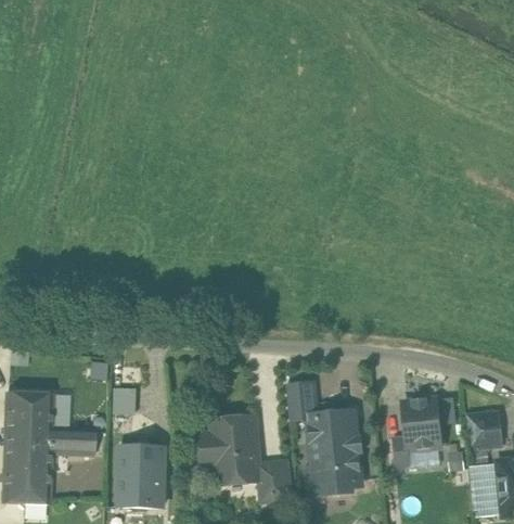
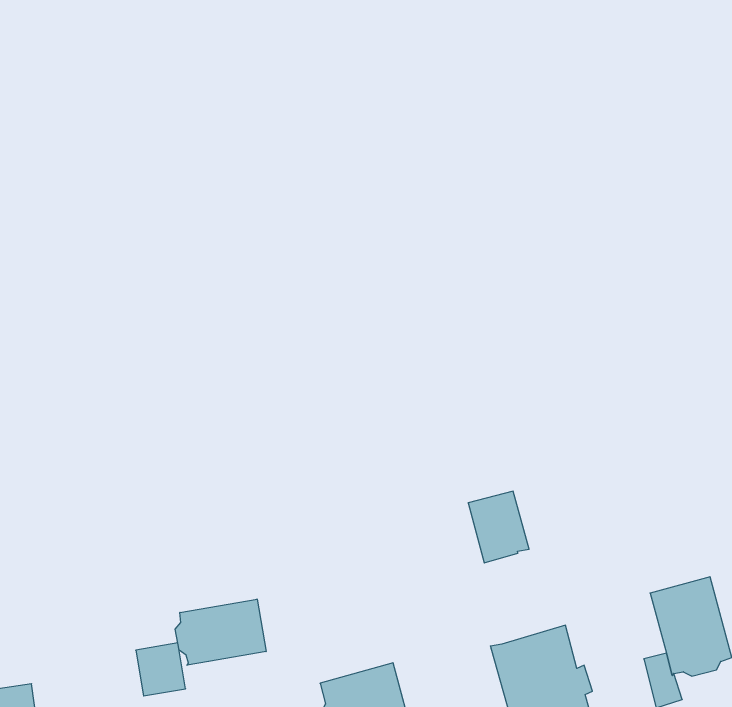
building: none -> [175,599,266,665]
building: [285,383,314,420] -> [468,491,529,563]

